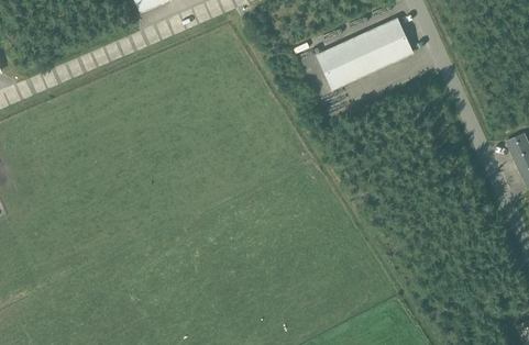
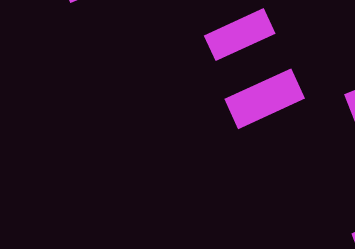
building: none -> [224,67,306,130]

